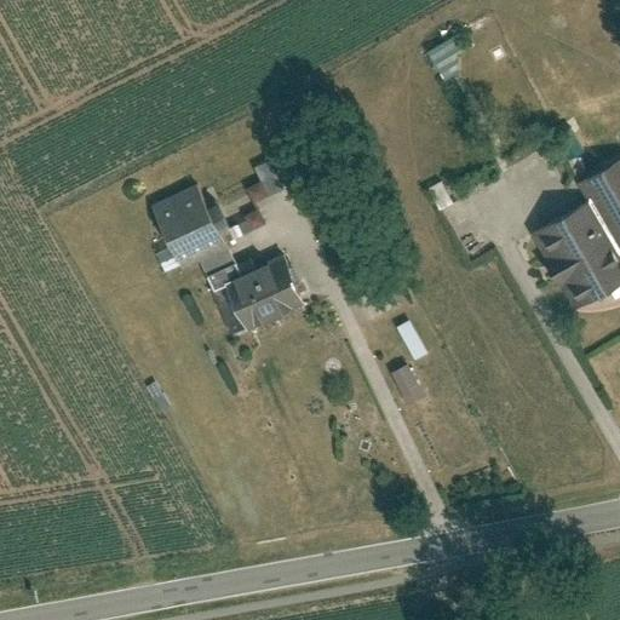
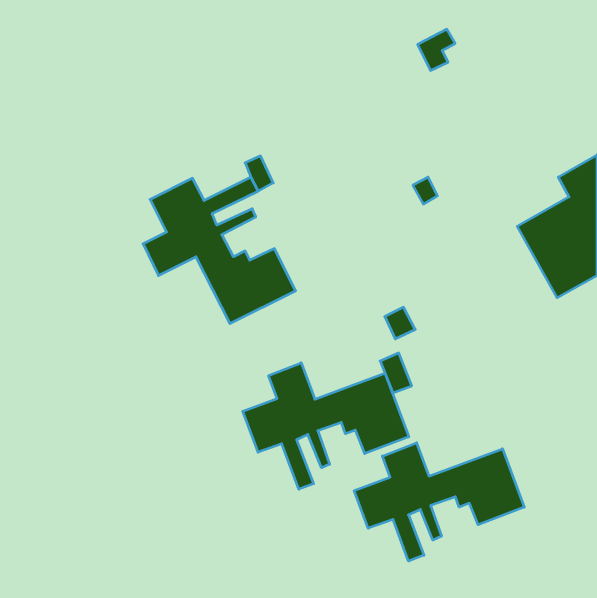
building: none -> [243,363,409,489]
building: none -> [354,443,524,561]

